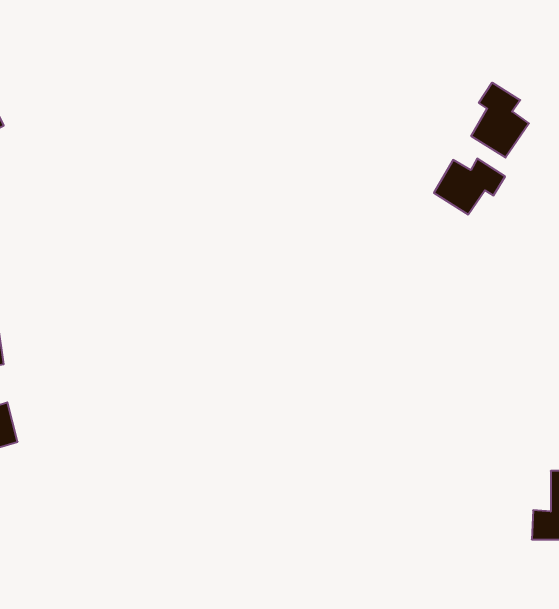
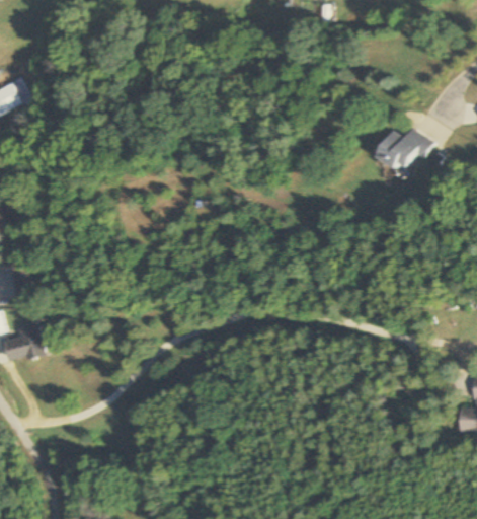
building: [471,83,529,158] -> none

